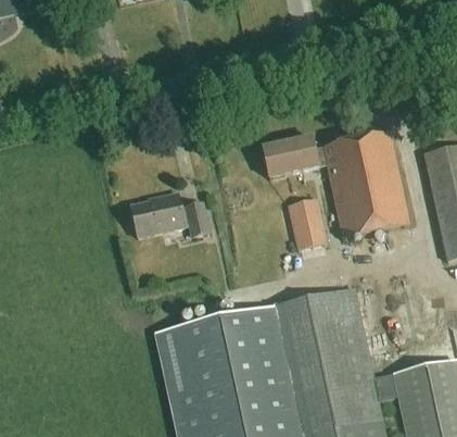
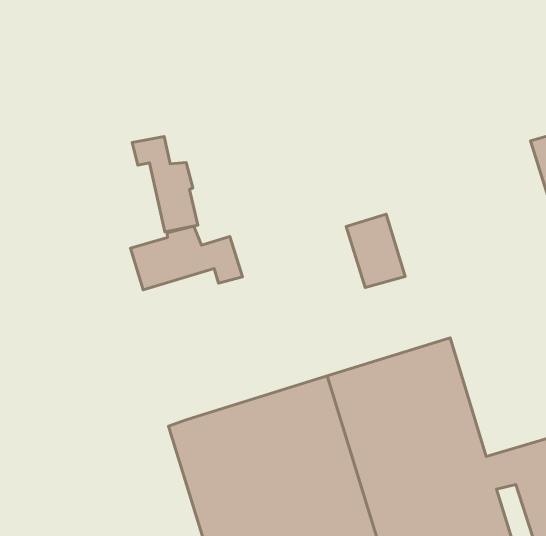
building: none -> [132,136,198,232]
building: [264,130,411,238] -> none

